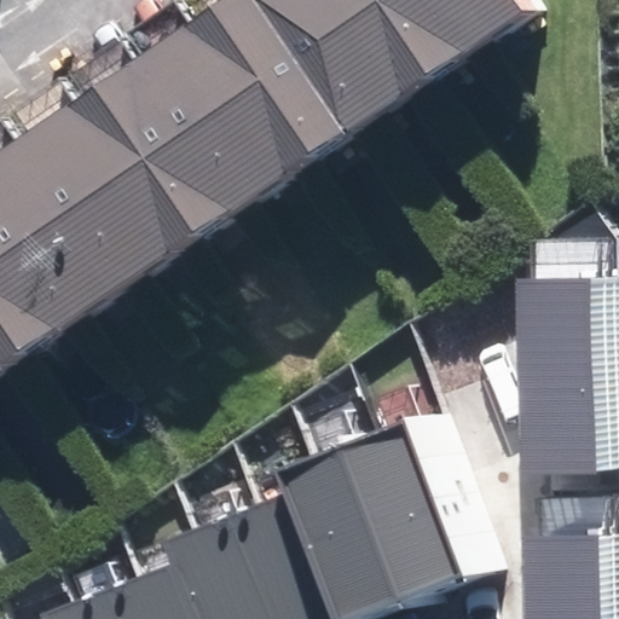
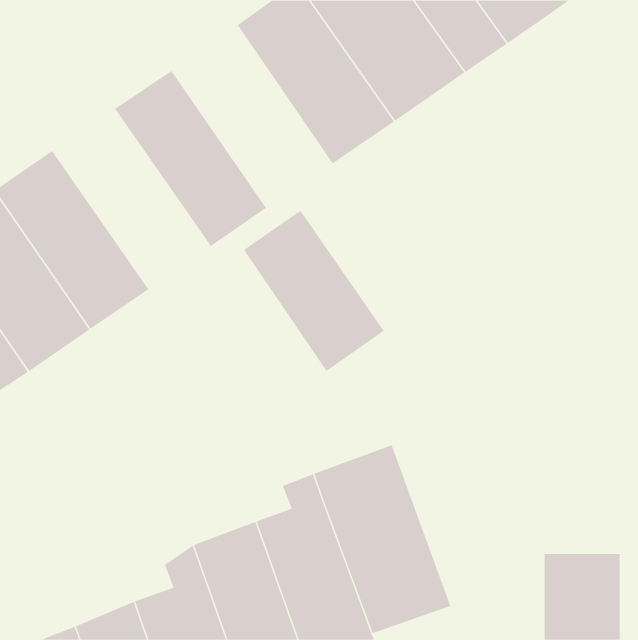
building: [166,24,320,201] -> none
building: [51,105,203,279] -> none
building: none -> [243,210,384,372]
building: [514,278,589,470] -> none
building: [378,405,503,585] -> none

